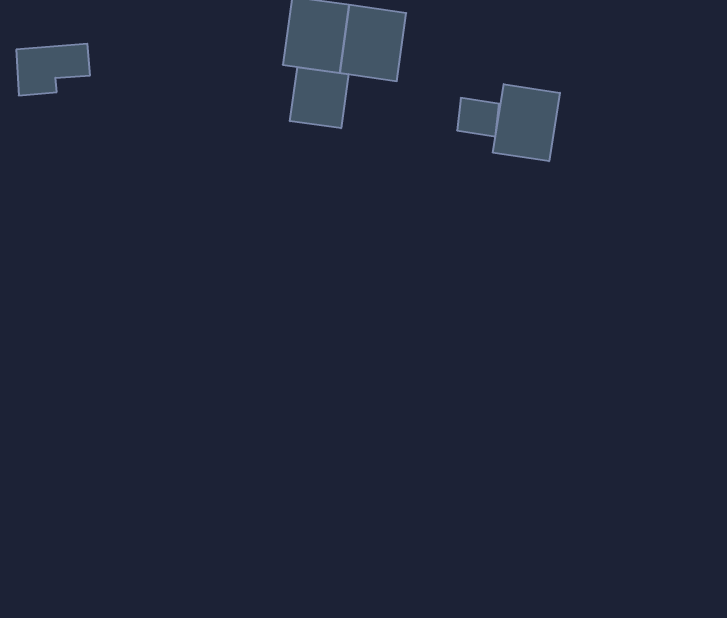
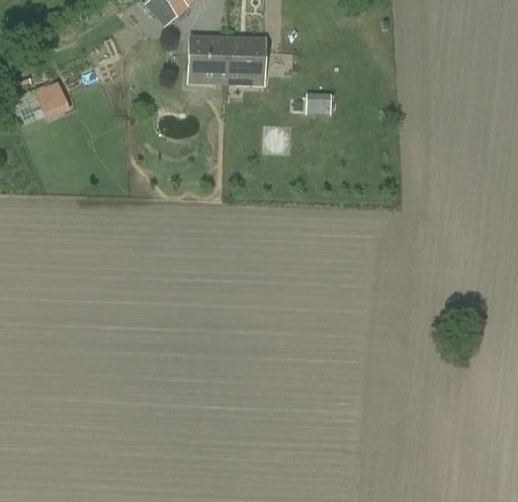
building: [290,67,349,128] -> none
building: [493,84,560,161] -> none

